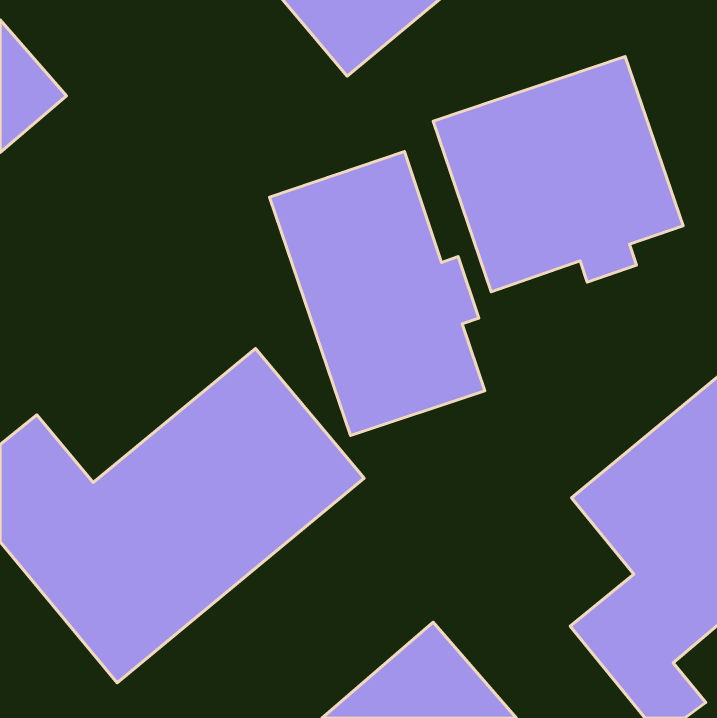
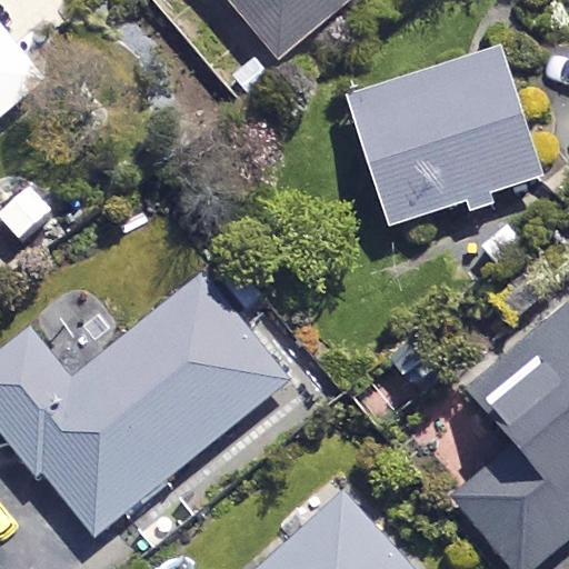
building: [270,151,485,436] -> none

